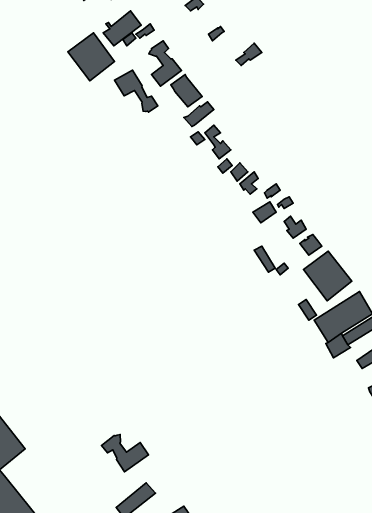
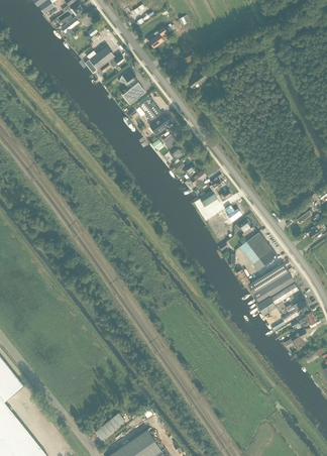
building: [68,33,115,81] -> none
building: [114,70,158,112] -> none
building: [102,434,148,472] -> none

